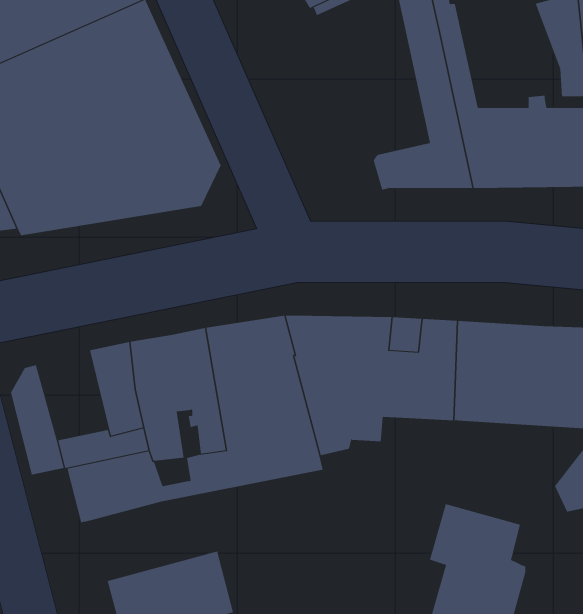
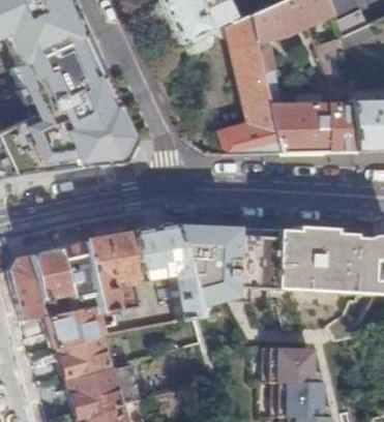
building: none -> [25,245,67,298]
building: none -> [56,334,108,376]

